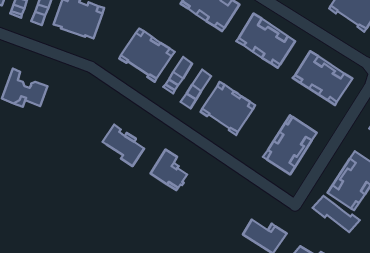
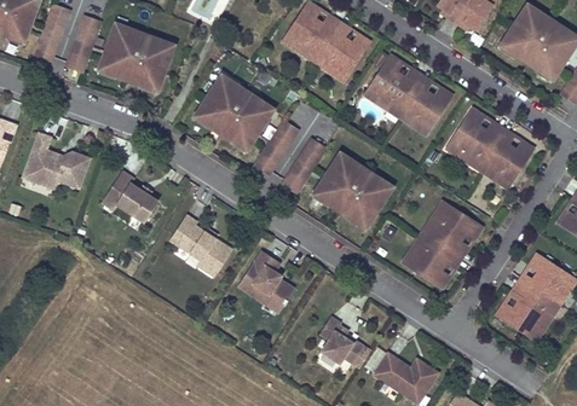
building: none -> [103,173,157,222]
building: none -> [319,318,363,364]
building: [313,196,360,232] -> none

